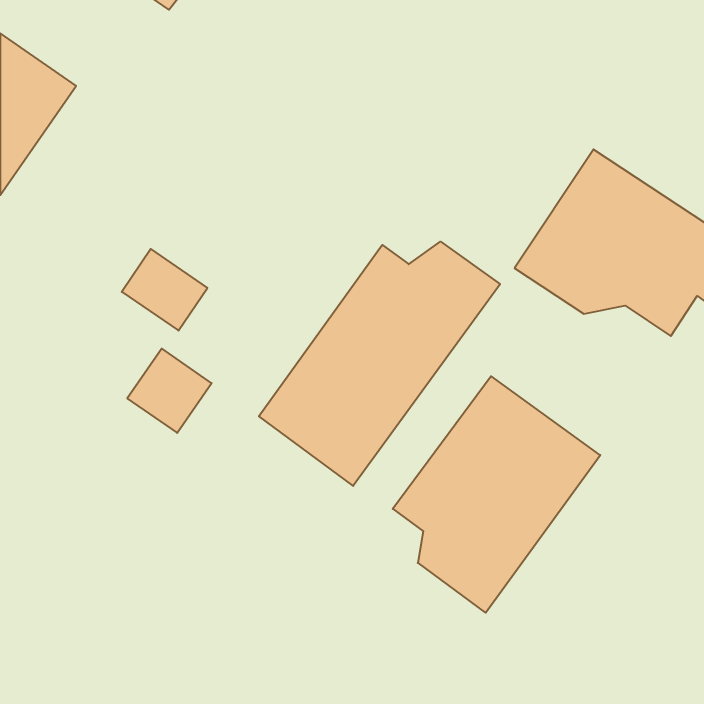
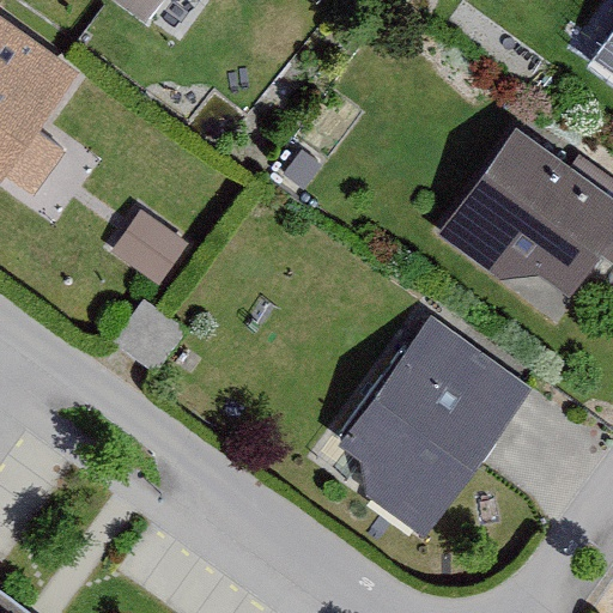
building: [259,242,500,486] -> none

